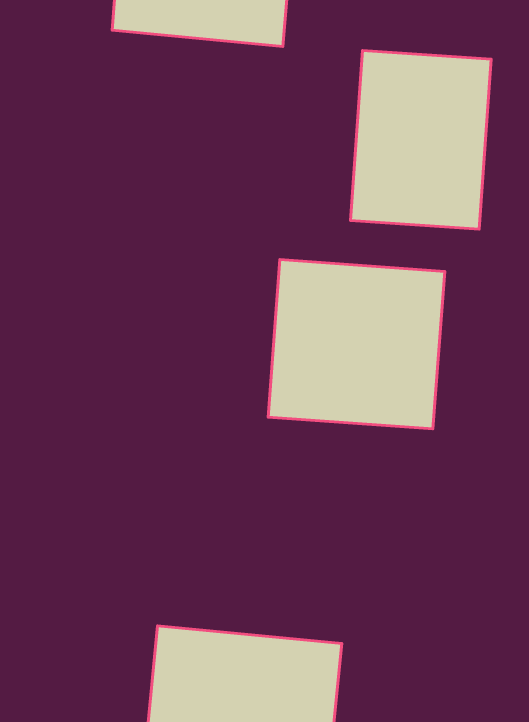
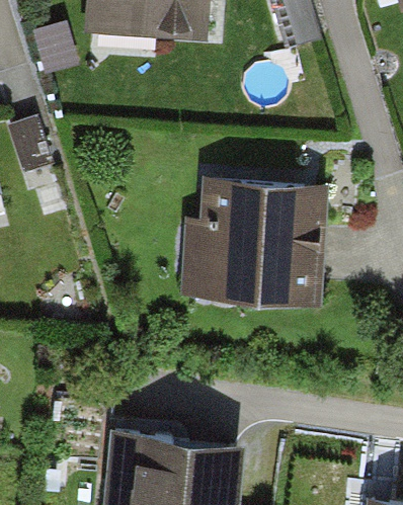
building: [350,50,491,229] -> none

